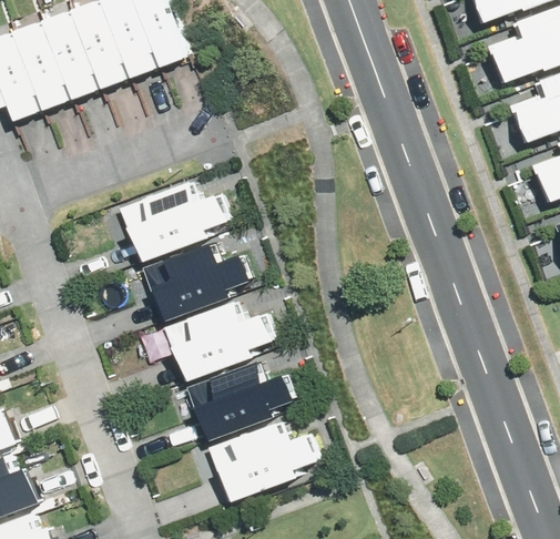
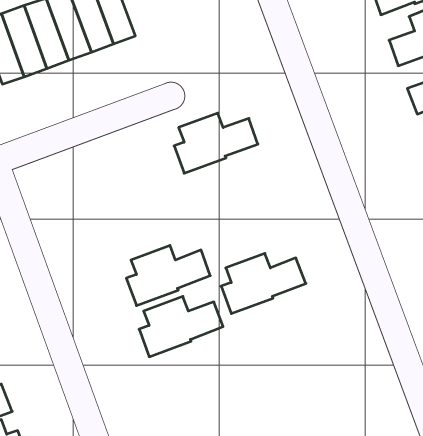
building: [123,187,225,261] -> [174,113,258,173]
building: [145,245,247,318] -> none
building: [216,423,319,496] -> [221,253,306,314]

